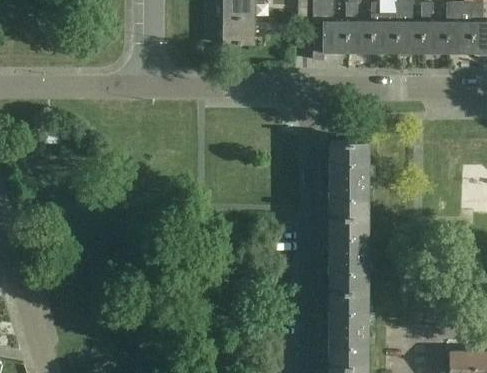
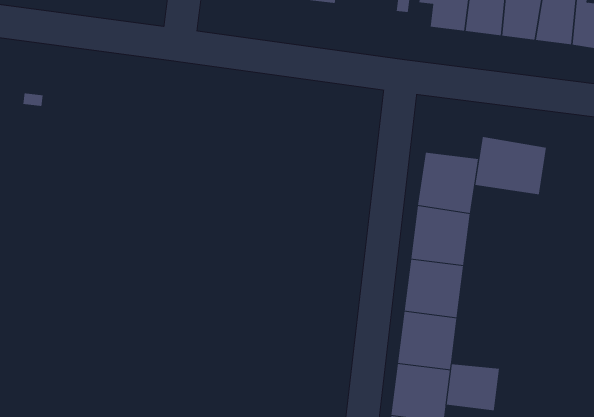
building: none -> [475,136,546,195]
building: none -> [446,363,500,411]

